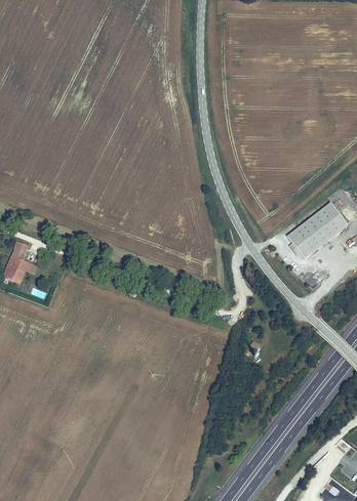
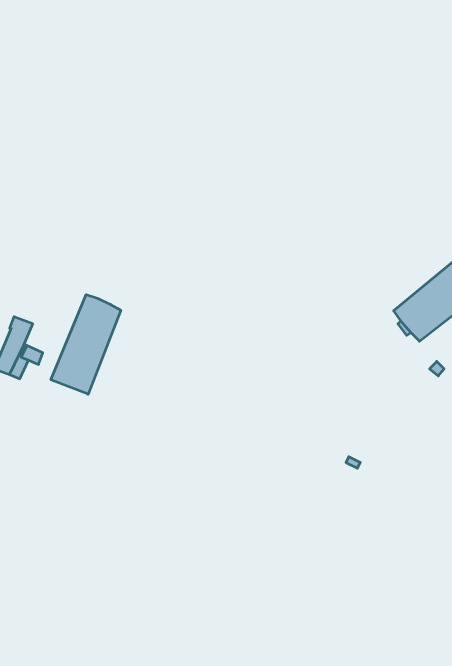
building: none -> [51,295,121,394]

